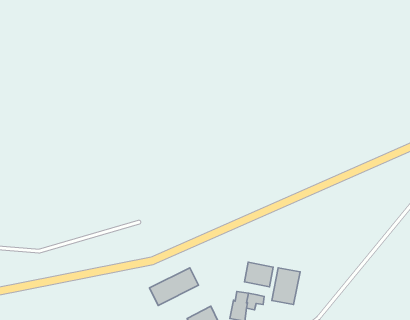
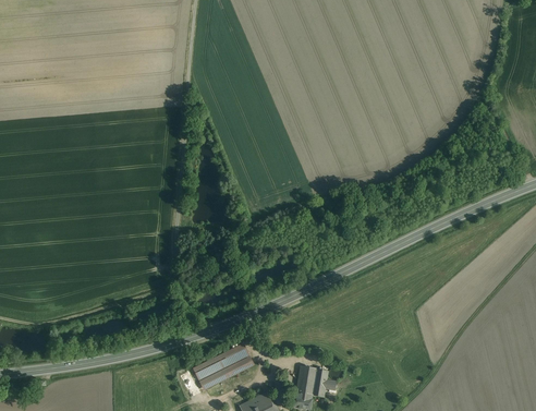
building: [244,262,273,287] -> none
building: [272,268,300,304] -> none

